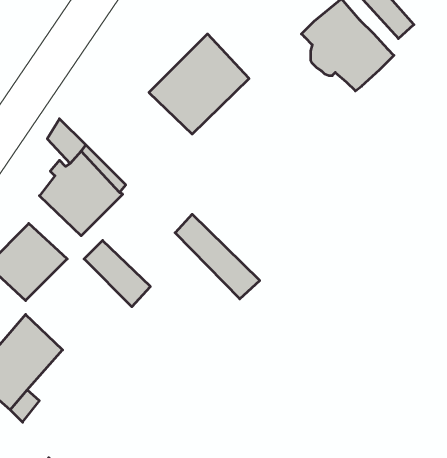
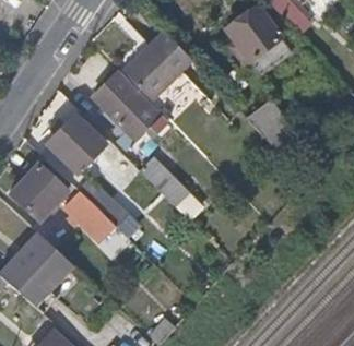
building: none -> [94,72,162,150]
building: none -> [253,106,300,156]
building: none -> [60,191,110,240]

